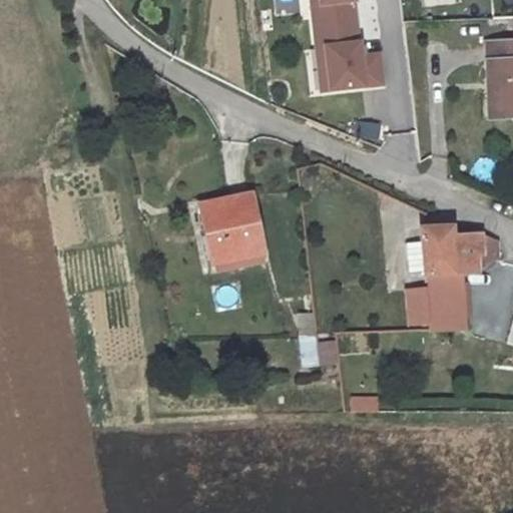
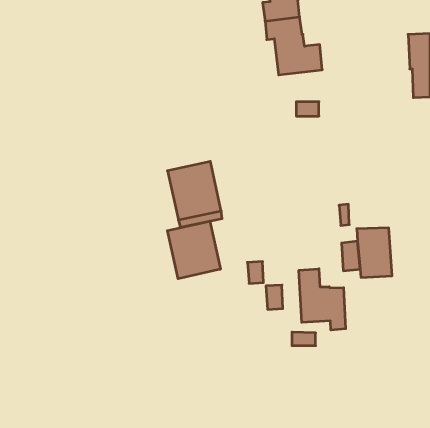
building: [421,226,496,273] -> none
building: none -> [167,221,220,279]
building: none -> [299,269,346,330]

